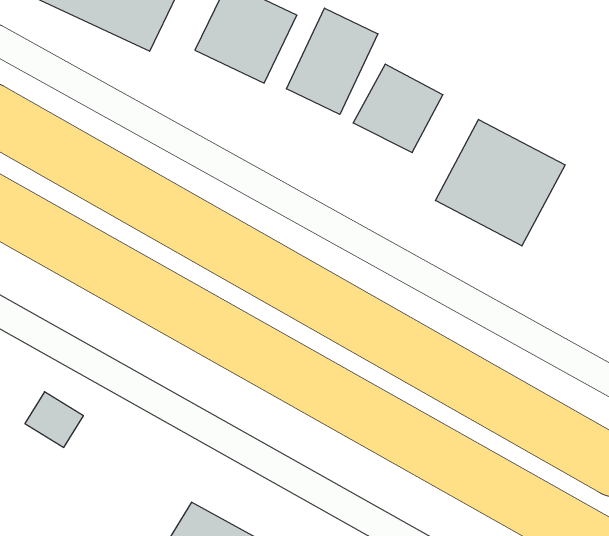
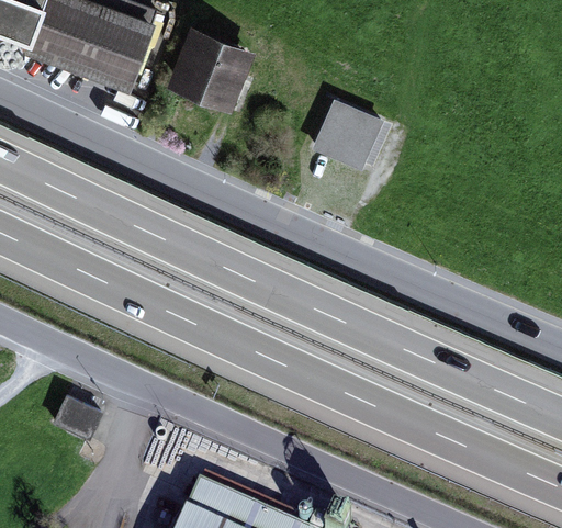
building: [286,8,378,114] -> none
building: [435,119,565,246] -> none

